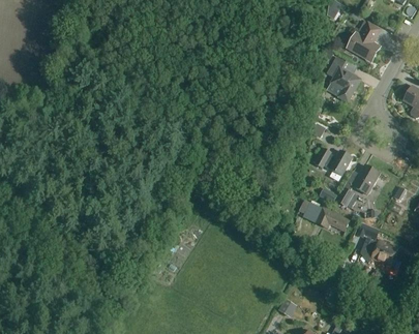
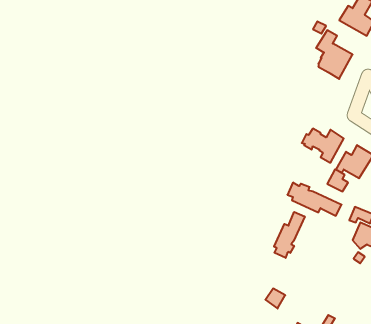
building: none -> [274,212,305,258]

